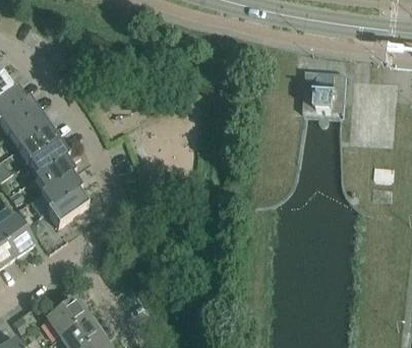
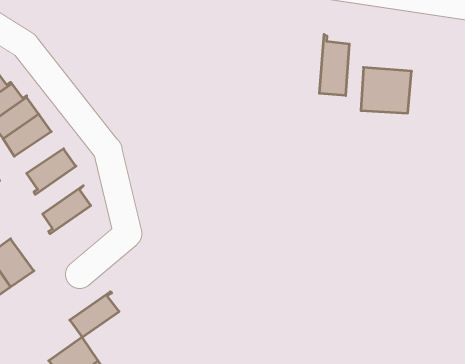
building: none -> [319,34,349,96]
building: [18,126,59,161] -> none
building: [36,155,75,194] -> none
building: [48,187,89,225] -> [70,292,119,337]

